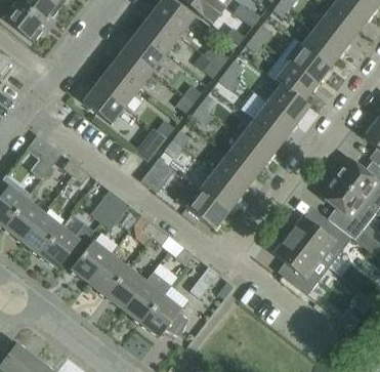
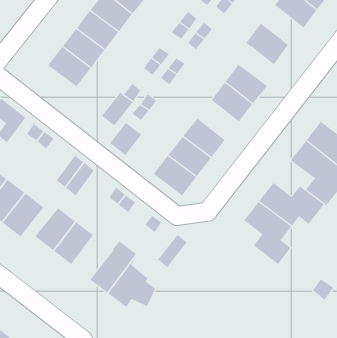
building: [290,43,332,82] -> none
building: [268,84,310,122] -> none
building: [228,135,269,174] -> none
building: [107,266,146,309] -> none

